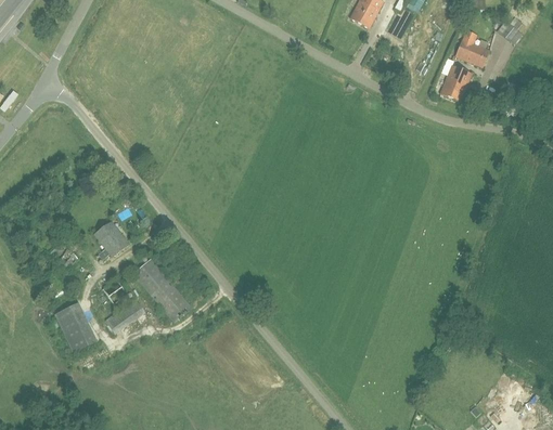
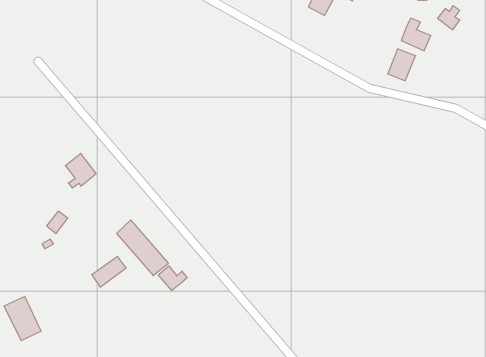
building: [94,220,129,259] -> [65,153,96,188]
building: [54,302,97,352] -> [4,296,41,341]
building: none -> [158,266,187,291]

